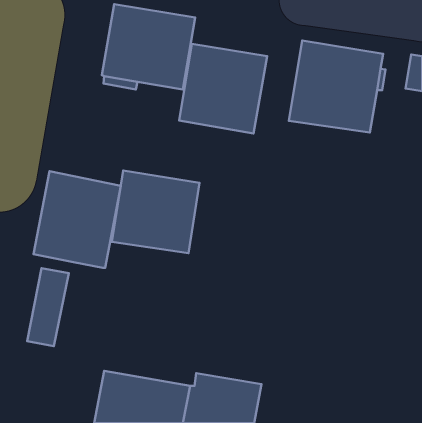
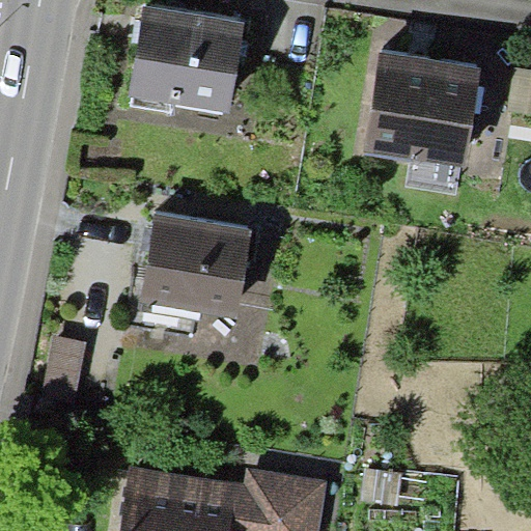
building: [179,44,267,133] -> none
building: [33,171,121,268] -> none

